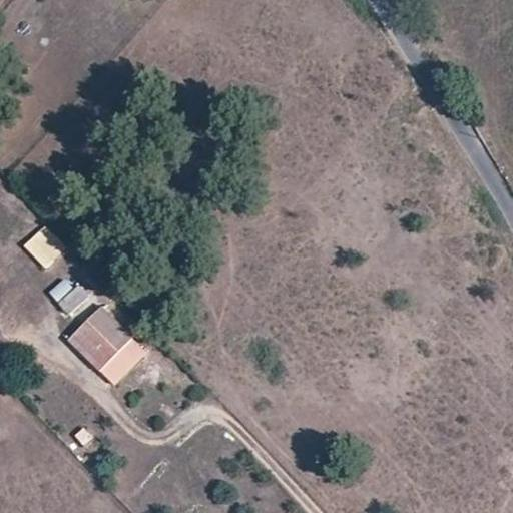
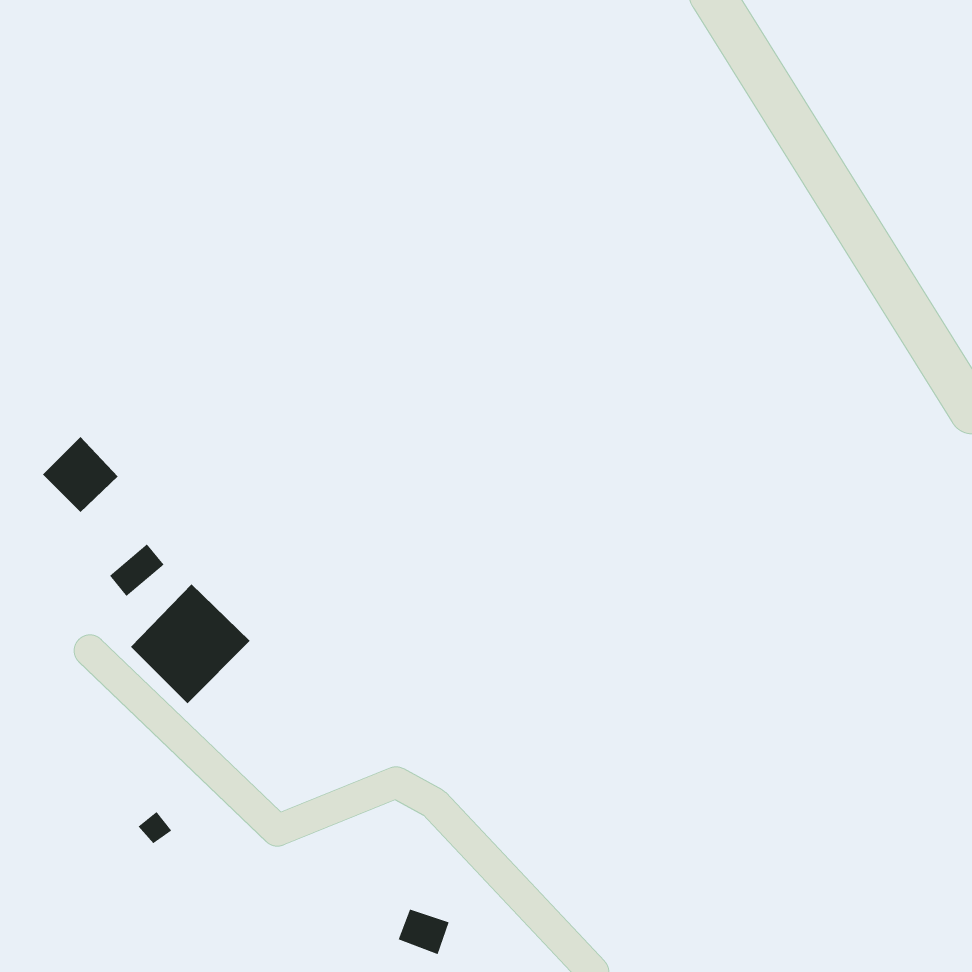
building: [98,336,145,383] -> none

